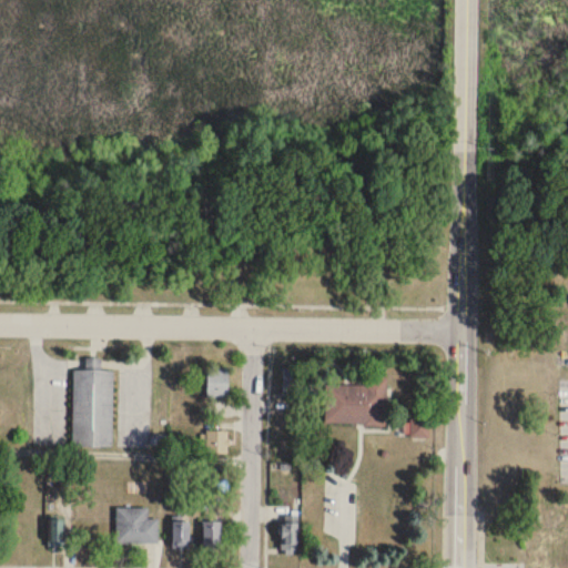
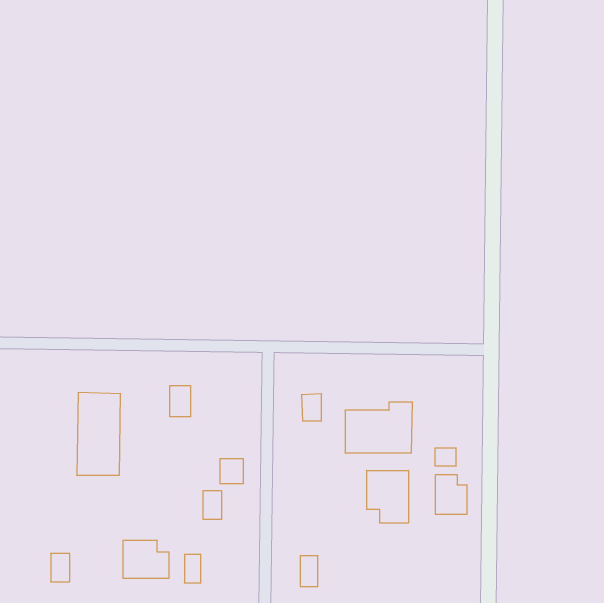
building: [207,369,227,398] -> [170,386,191,417]
building: none -> [367,470,408,523]
building: none -> [435,475,467,514]
building: [203,523,221,549] -> [203,491,222,519]

